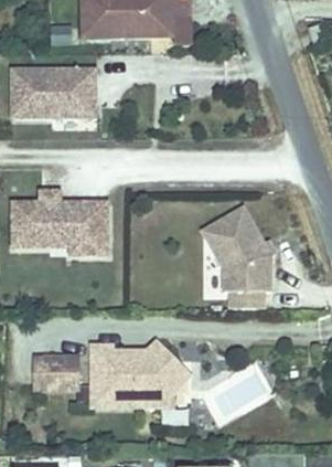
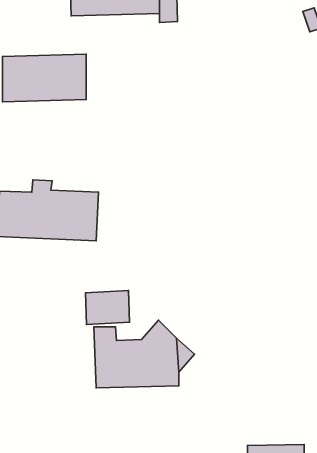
building: [203,209,272,311] -> none
building: [42,348,85,381] -> [86,291,130,325]

